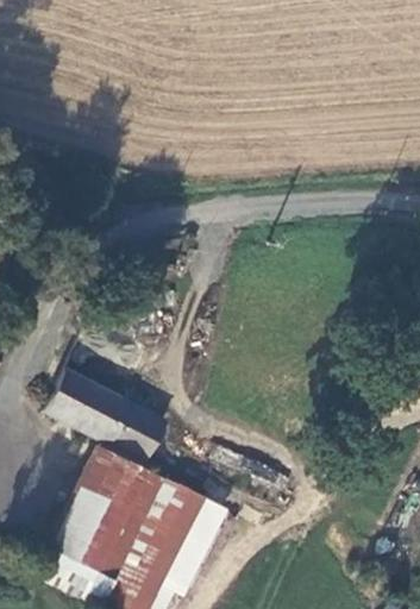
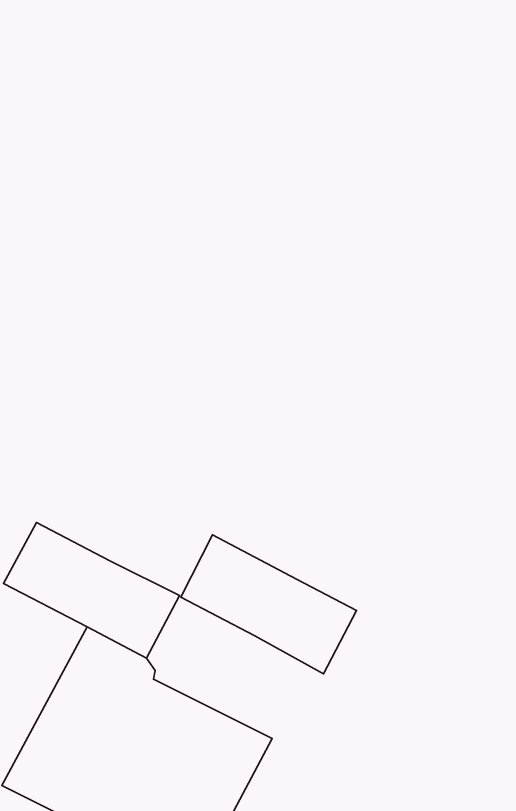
building: none -> [181,535,357,674]

